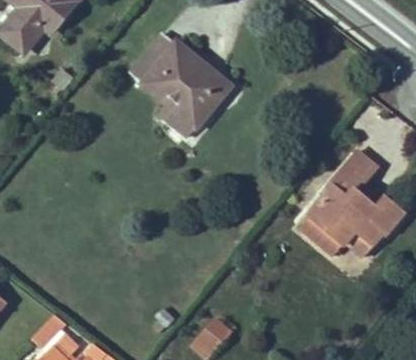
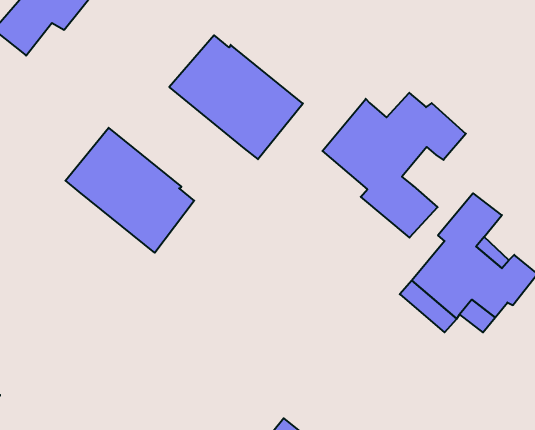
building: none -> [322,93,466,238]
building: none -> [65,128,194,253]

